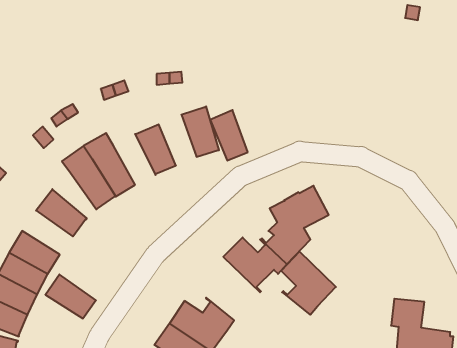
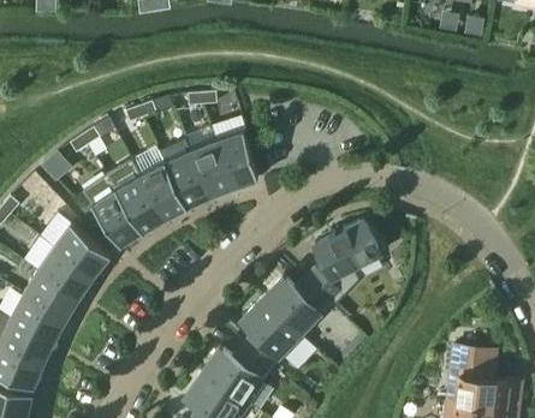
building: [210,110,248,161] -> [190,139,232,196]
building: none -> [139,161,186,217]
building: [281,251,336,315] -> [242,298,303,369]
building: [45,274,96,318] -> [37,246,94,295]

